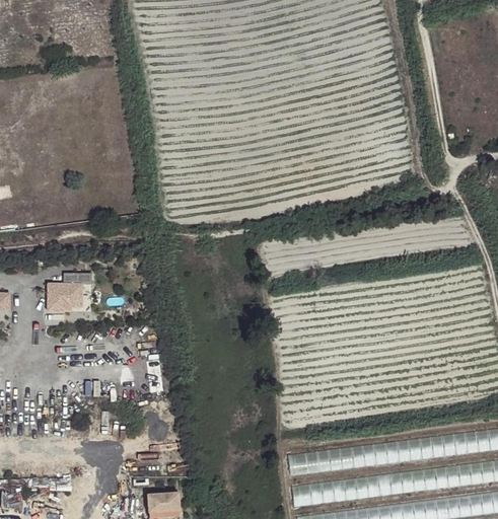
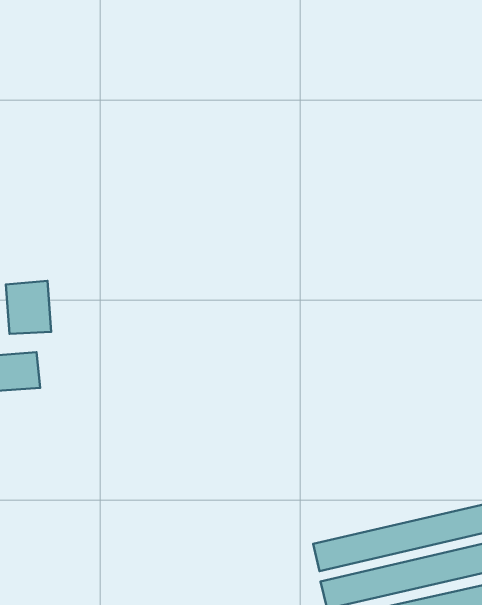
building: none -> [6,281,51,334]

